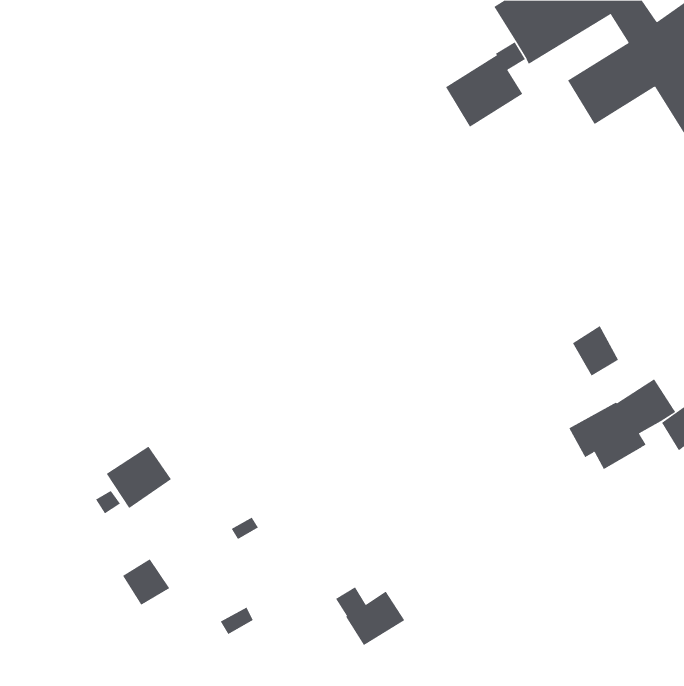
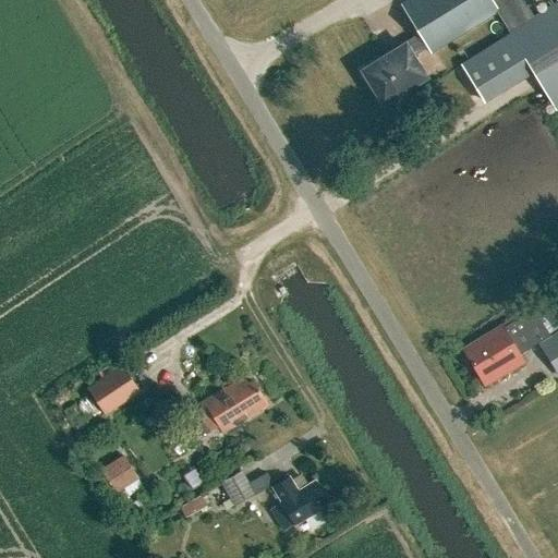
building: [572,325,619,377] -> none
building: none -> [202,377,263,430]
building: none -> [221,469,255,504]

